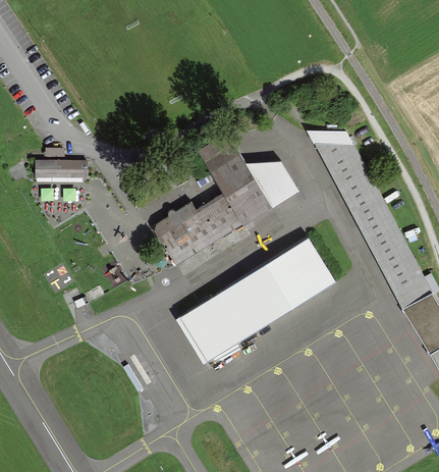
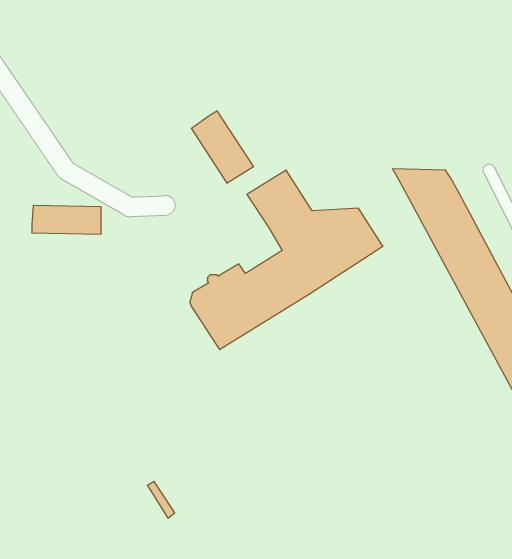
building: none -> [191,111,253,183]
building: [176,237,337,365] -> none

